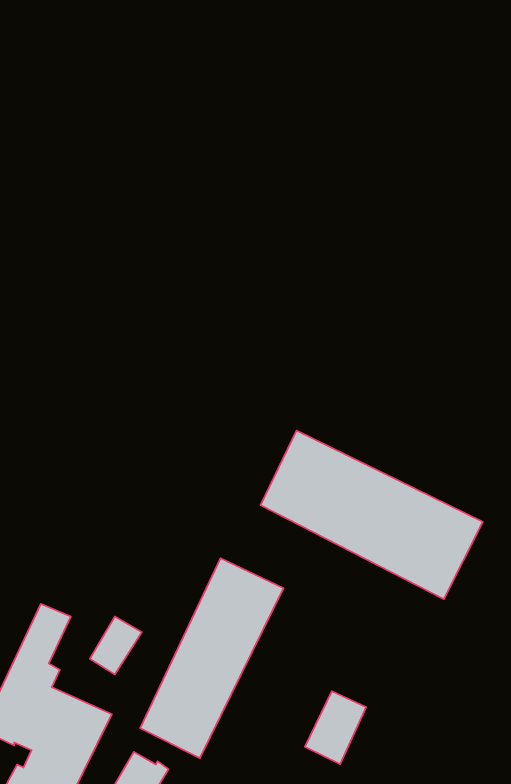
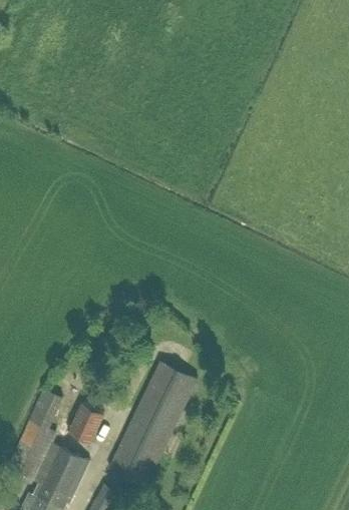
building: [261,431,483,599] -> none
building: [305,691,366,764] -> none

